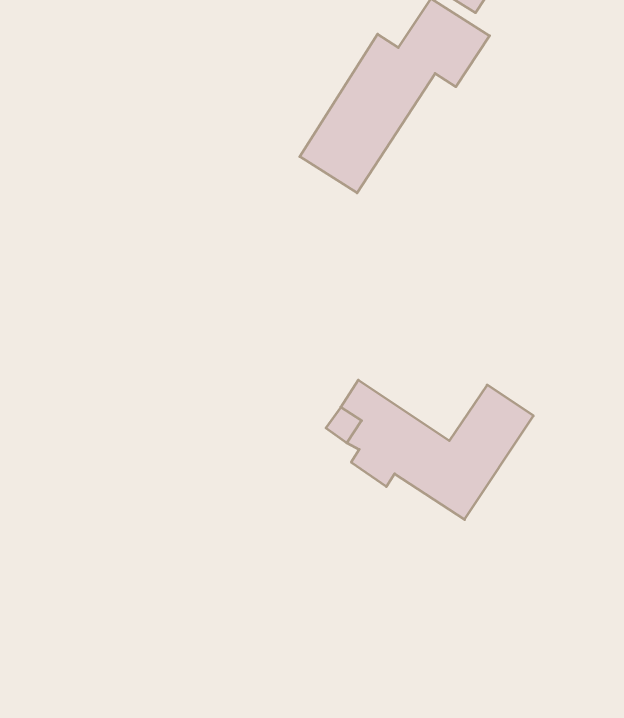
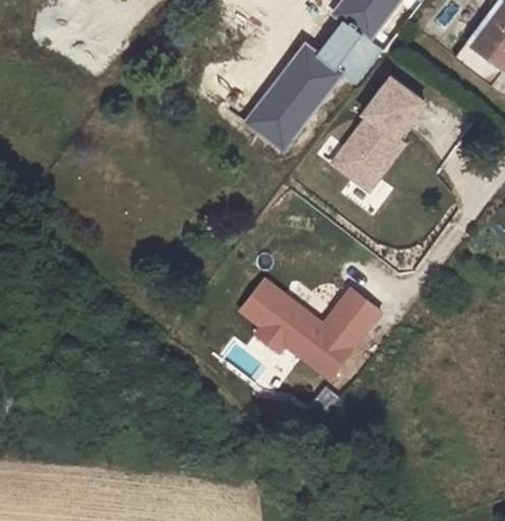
building: none -> [329,76,429,195]

